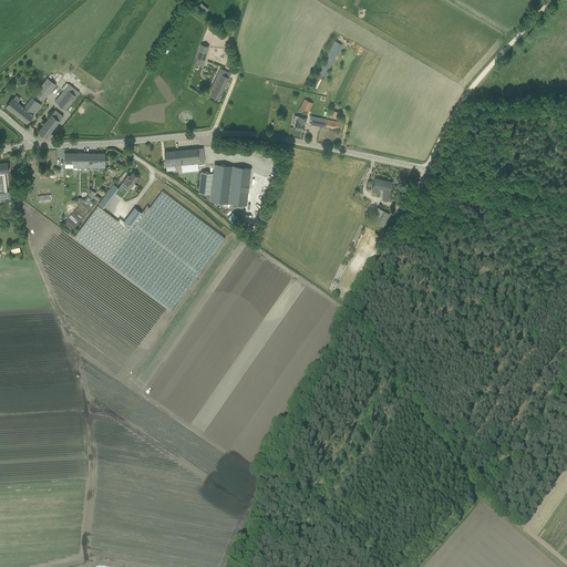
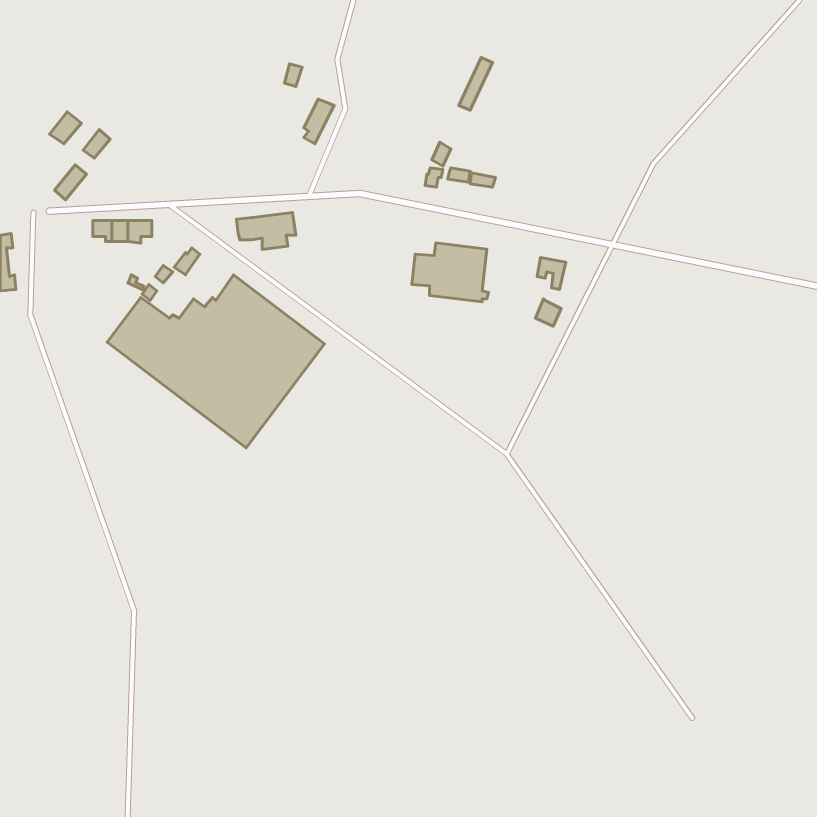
building: [6,97,41,123] -> none
building: [198,164,251,205] -> [412,243,489,302]

